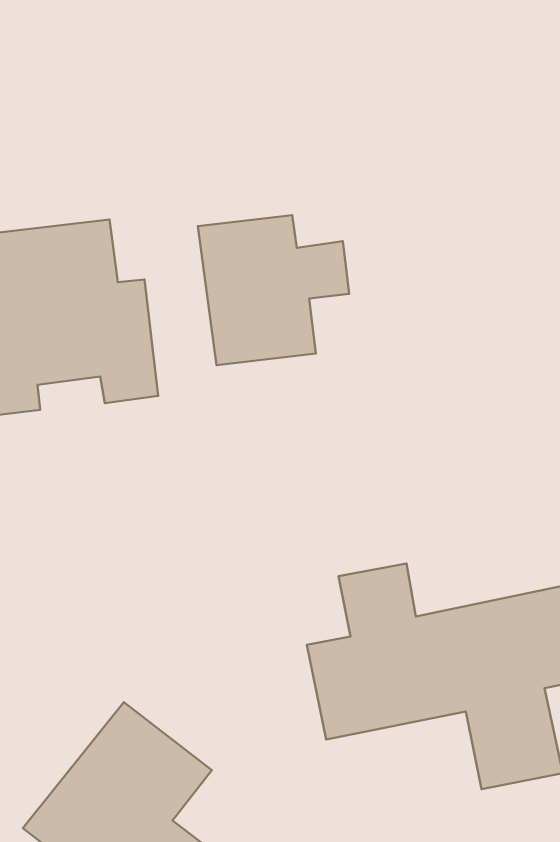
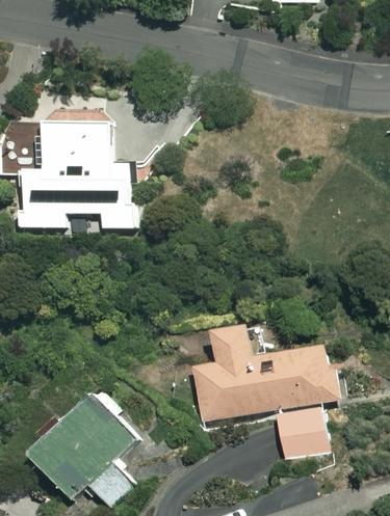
building: [198,215,349,365] -> none

